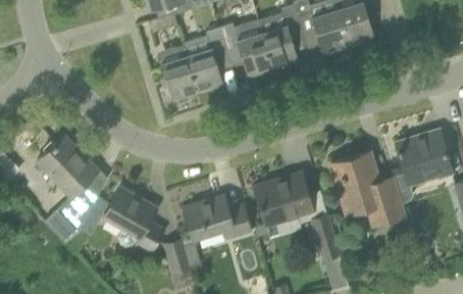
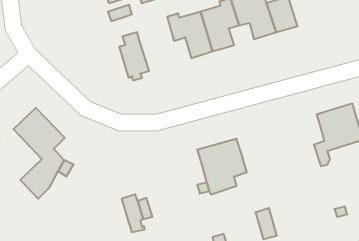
building: [183,27,226,91] -> none
building: [330,151,404,226] -> none
building: [103,187,163,249] -> none
building: [184,194,249,237] -> none
building: [312,215,340,259] -> none

